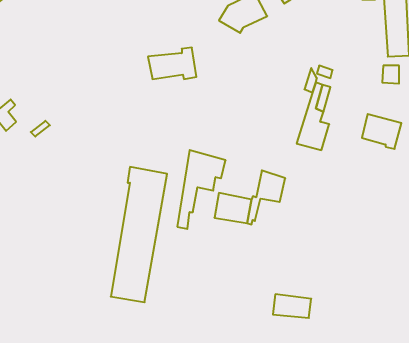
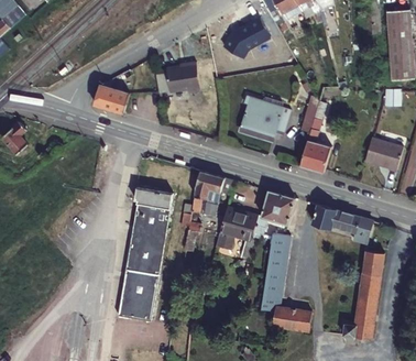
building: none -> [96,84,130,112]
building: none -> [242,94,292,132]
building: none -> [313,207,376,243]
building: none -> [262,237,289,311]
building: none -> [340,251,382,342]

